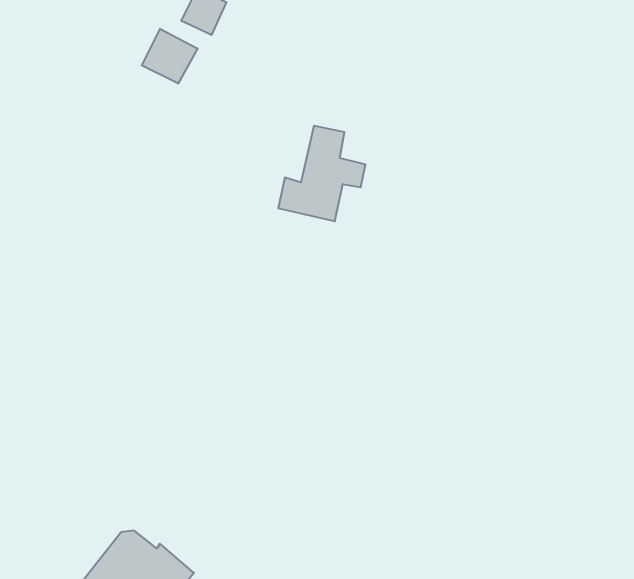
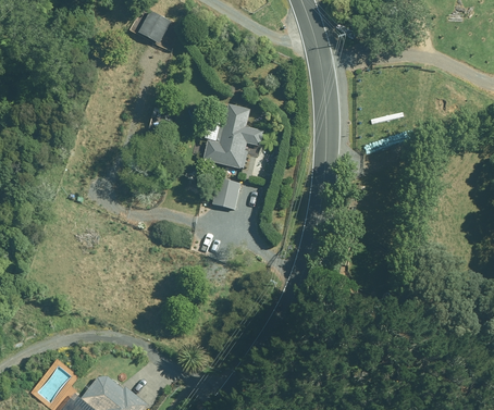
building: [142,29,198,84] -> none
building: none -> [210,179,239,210]

